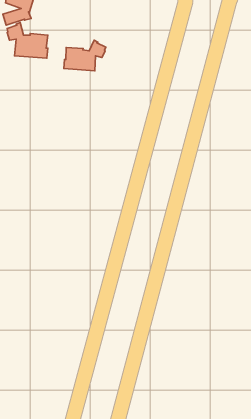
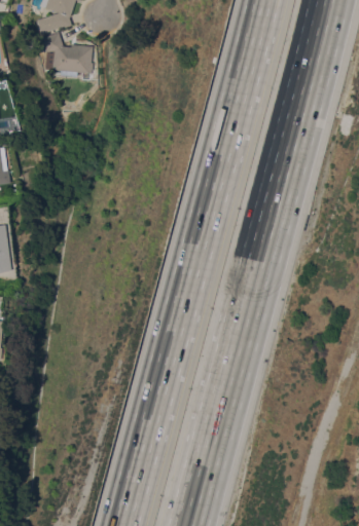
building: [64,40,106,71] -> none

